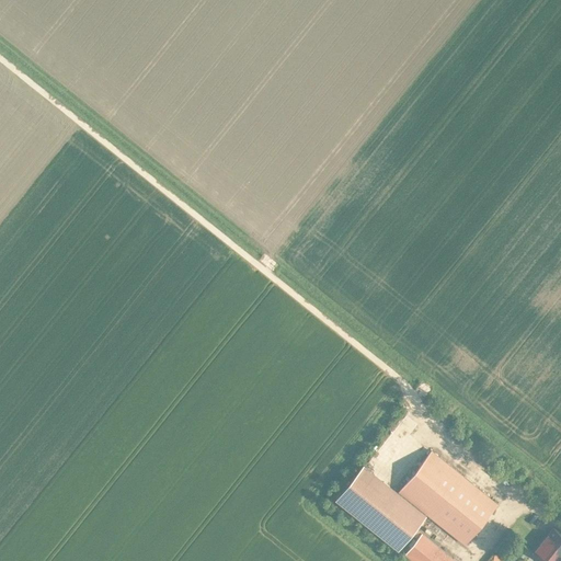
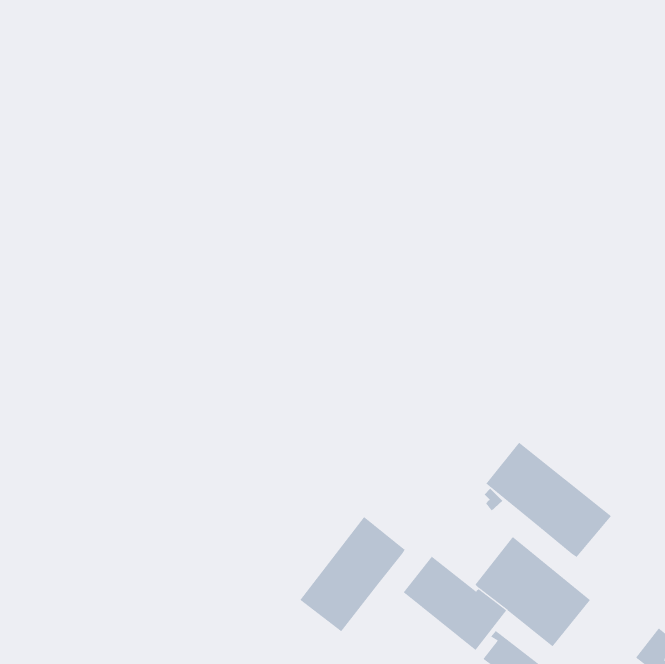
building: none -> [485,442,612,558]
building: none -> [300,516,406,632]

